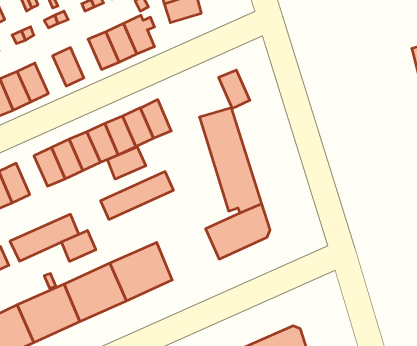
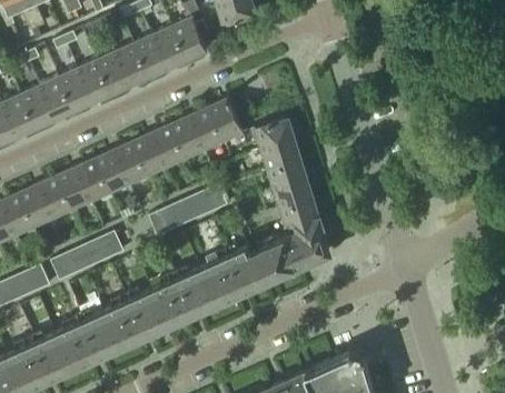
building: none -> [115,43,148,84]
building: none -> [77,61,110,101]
building: [219,70,250,109] -> [208,100,241,141]
building: [107,147,146,179] -> none
building: none -> [57,168,90,209]
building: none -> [207,242,274,300]
building: [61,230,96,261] -> none

